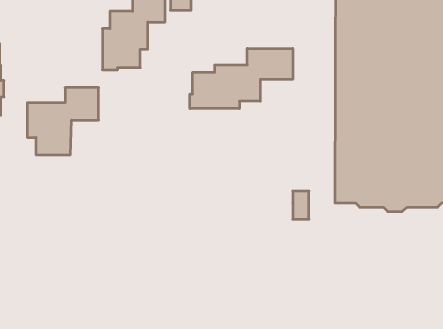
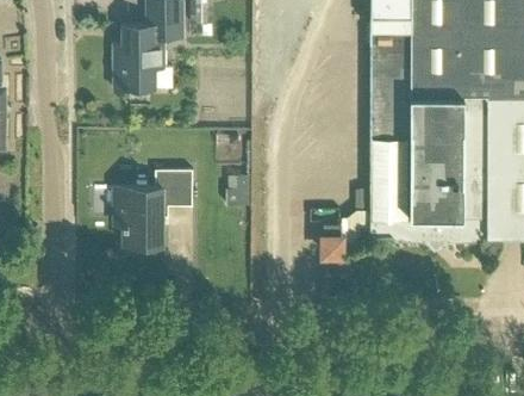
building: [190,48,293,109] -> none
building: [27,88,99,155] -> [114,171,193,245]

